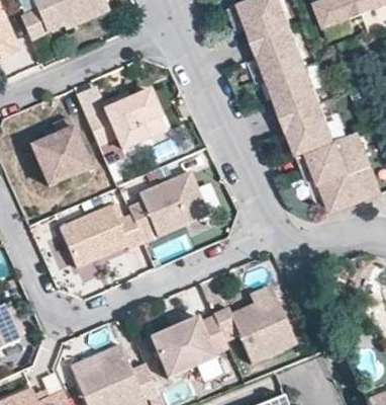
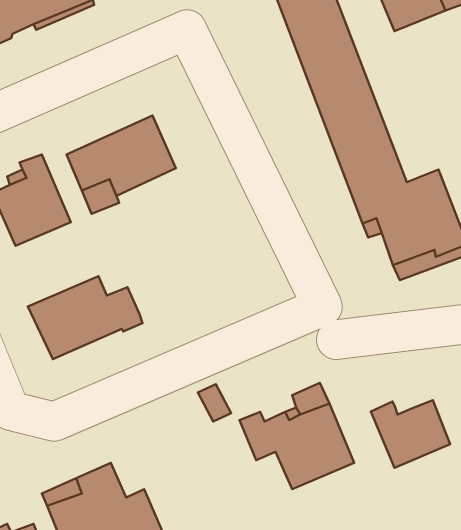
building: [126,171,208,243] -> none
building: none -> [371,400,450,468]
building: [150,313,226,376] -> none

